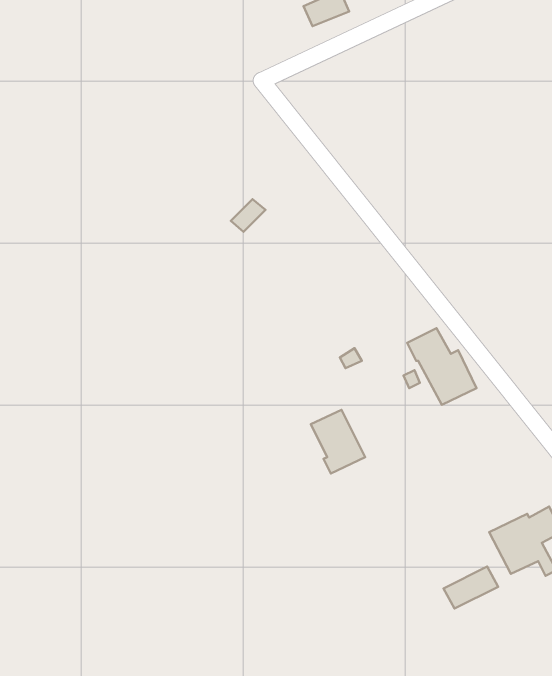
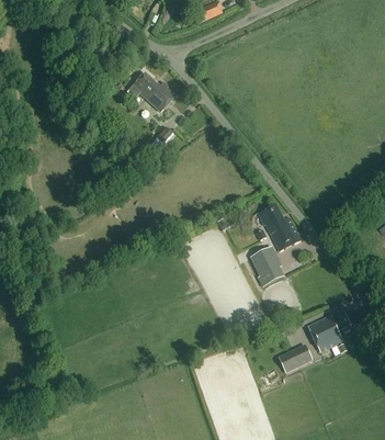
building: none -> [128,72,174,111]
building: [311,410,365,473] -> [250,248,283,286]

